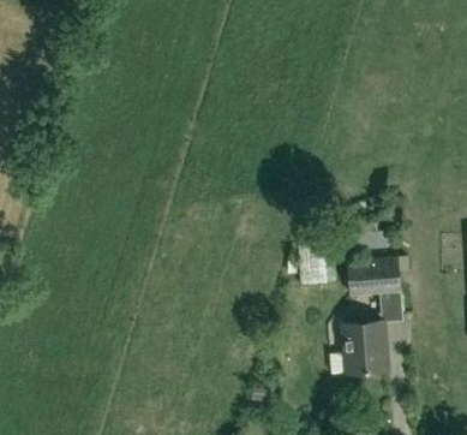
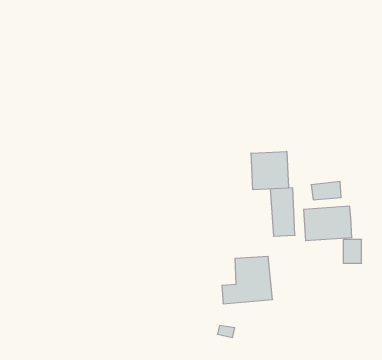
building: none -> [251,151,288,190]
building: [330,321,387,374] -> [222,256,273,304]

